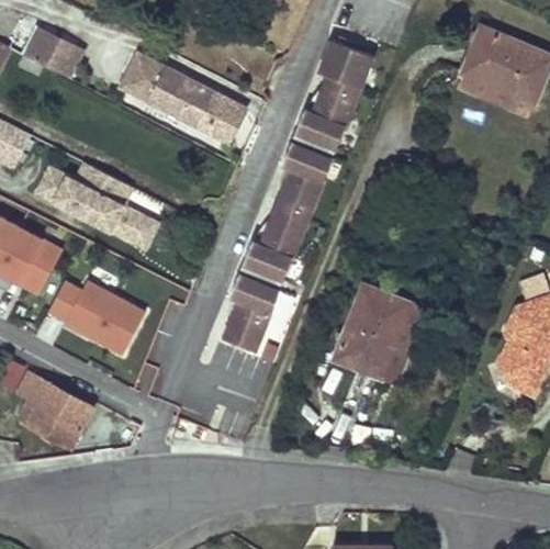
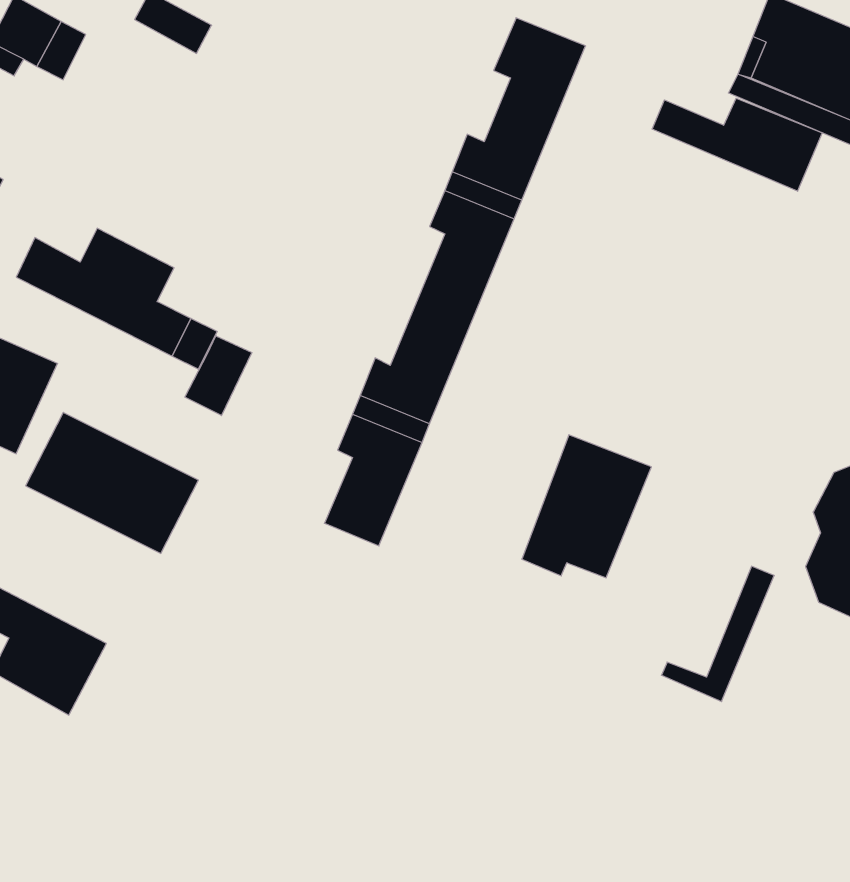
building: [136,61,244,139] -> none
building: none -> [652,98,822,191]
building: none -> [185,336,252,416]
building: [358,303,424,382] -> [661,566,774,702]

